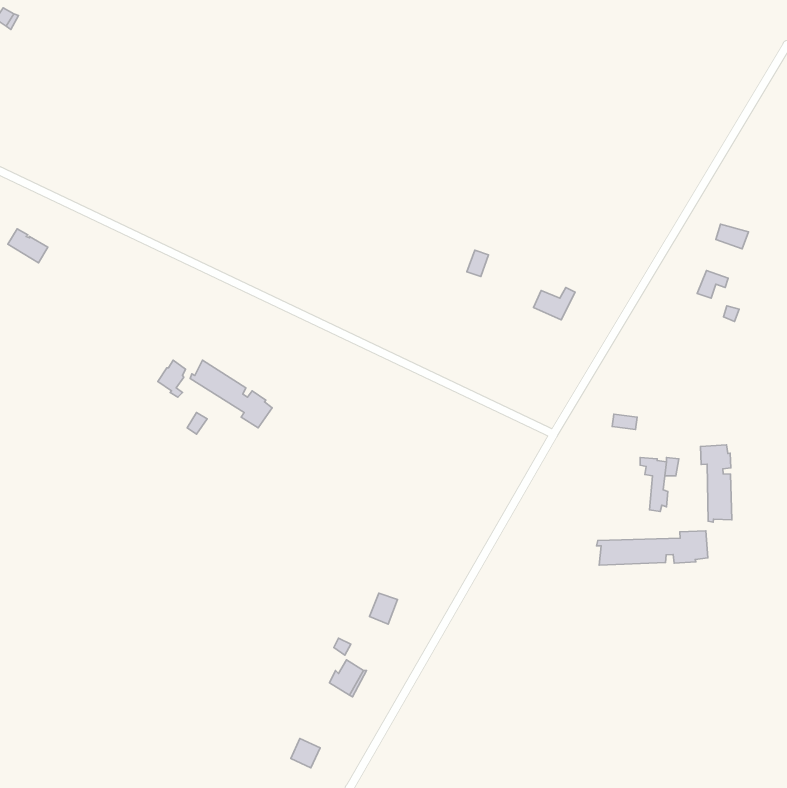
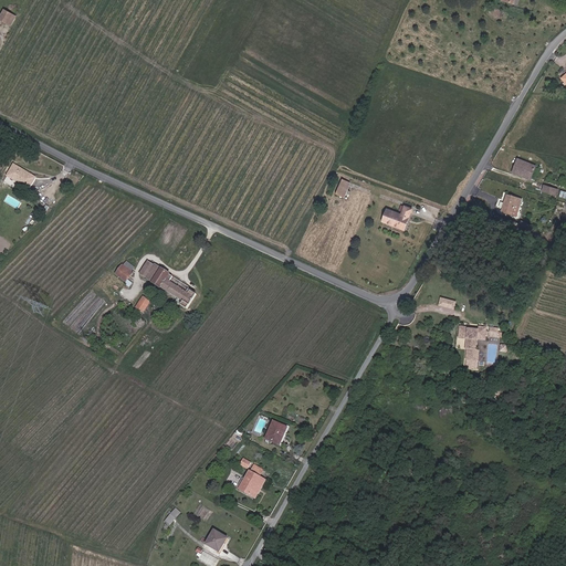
building: [701,445,732,522] -> none
building: [597,531,708,565] -> none

